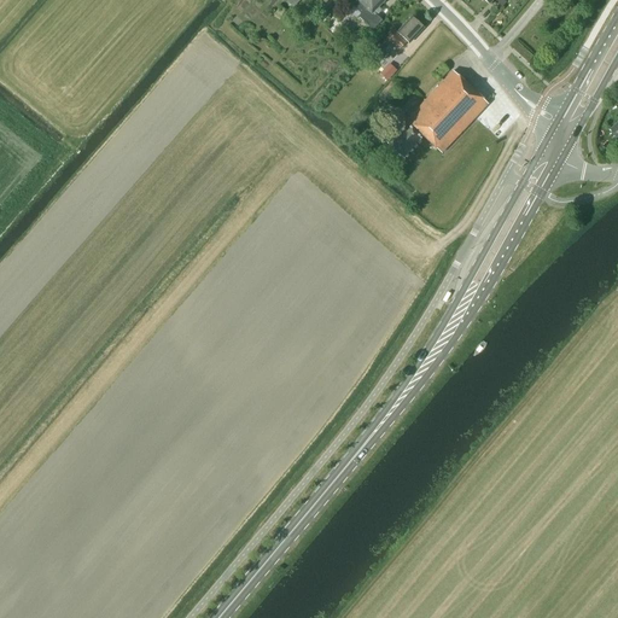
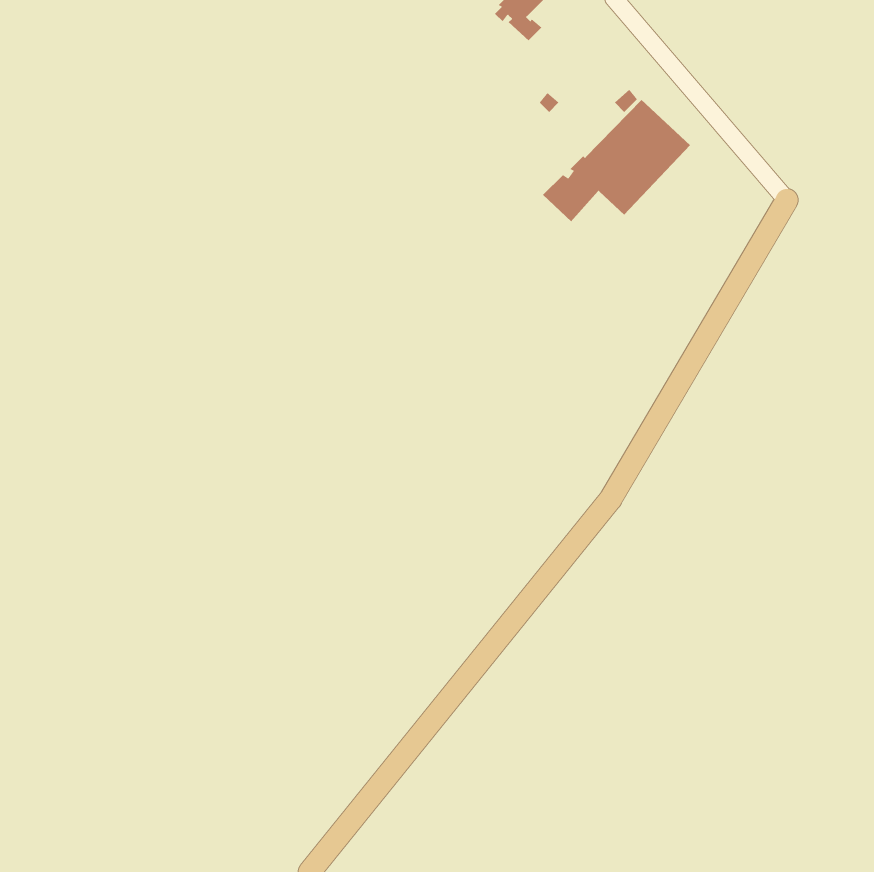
building: [386,16,424,48] -> none

